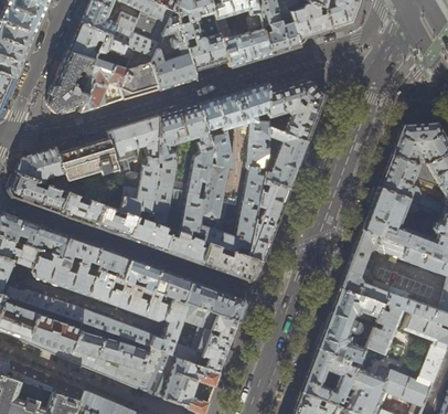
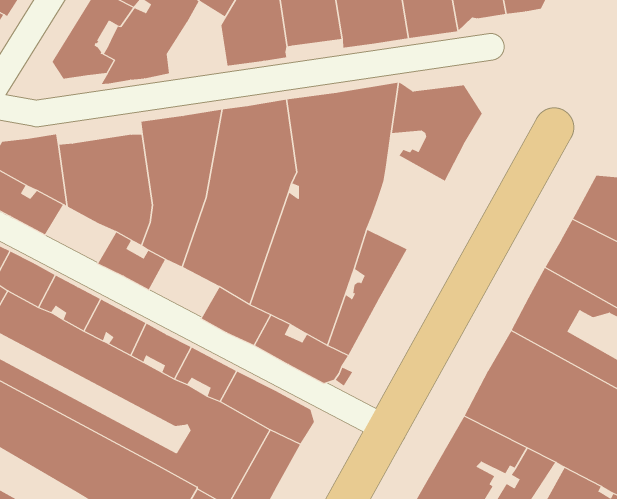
building: [120,59,159,99] -> none
building: [263,128,308,189] -> none
building: [60,192,104,226] -> none
building: [130,217,174,252] -> none

